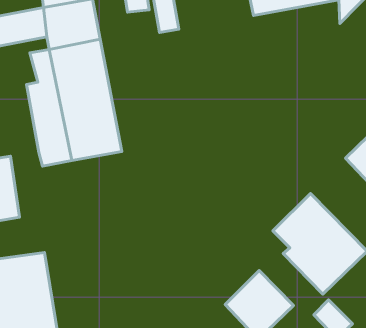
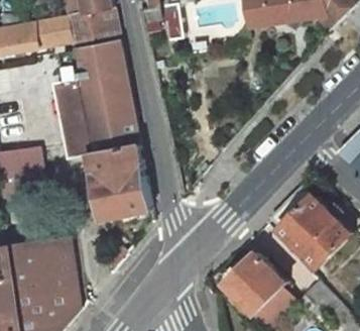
building: none -> [92,145,148,219]

